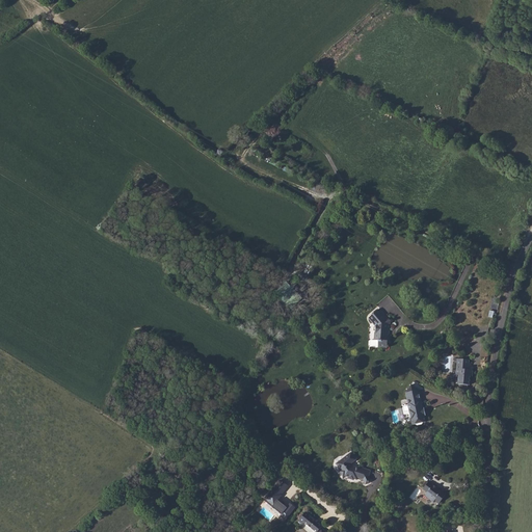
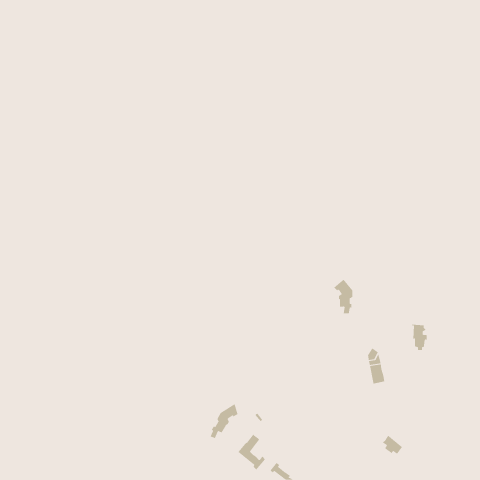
building: none -> [210,403,238,439]
building: [337,453,370,480] -> none

